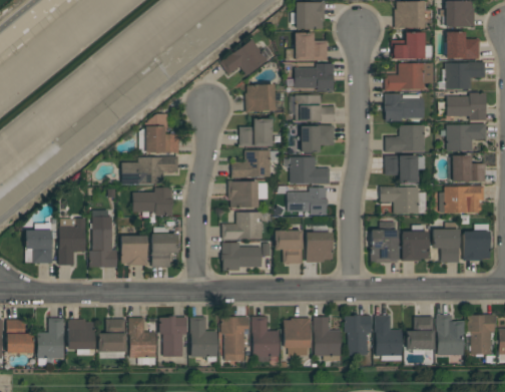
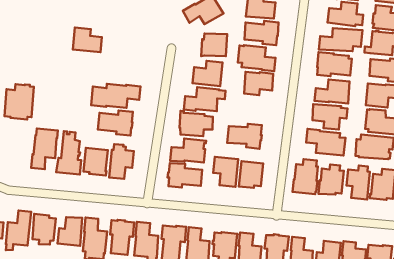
building: [146,126,179,152] -> [73,28,102,52]
building: [285,157,330,184] -> none
building: [25,223,58,264] -> [5,84,34,119]

